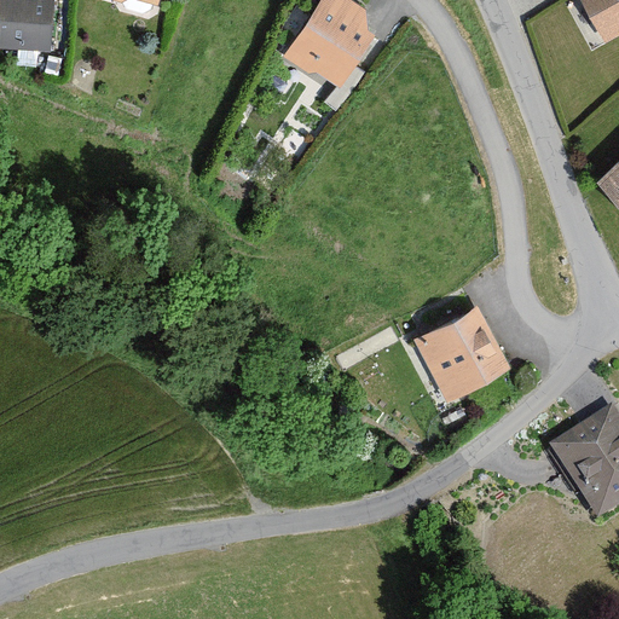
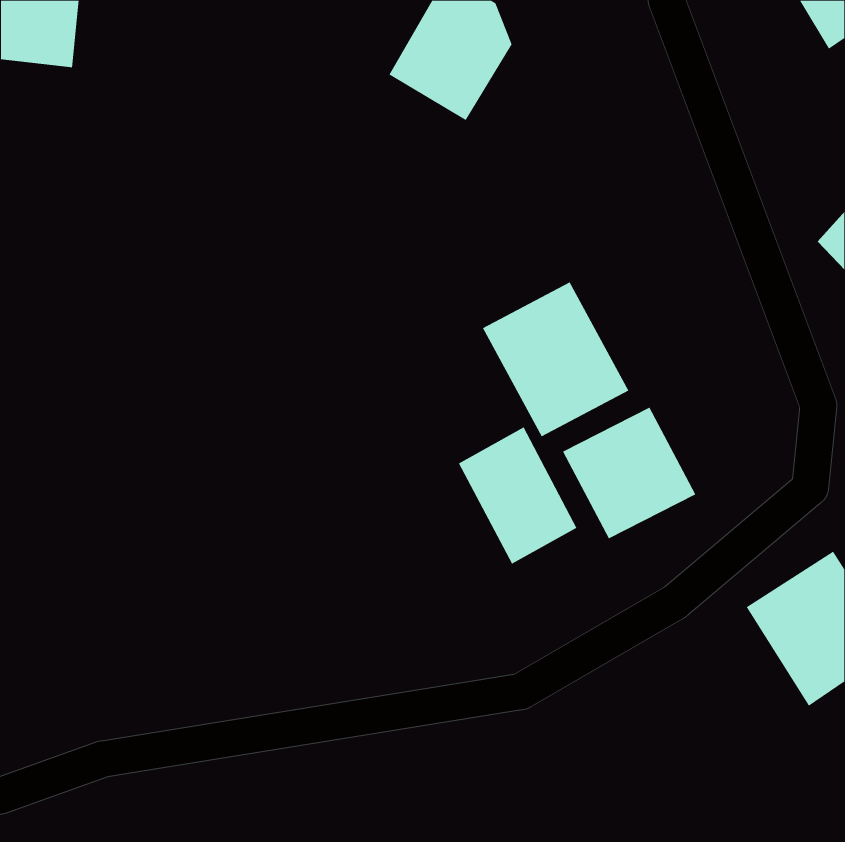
building: none -> [482,282,629,437]
building: none -> [458,427,577,565]

